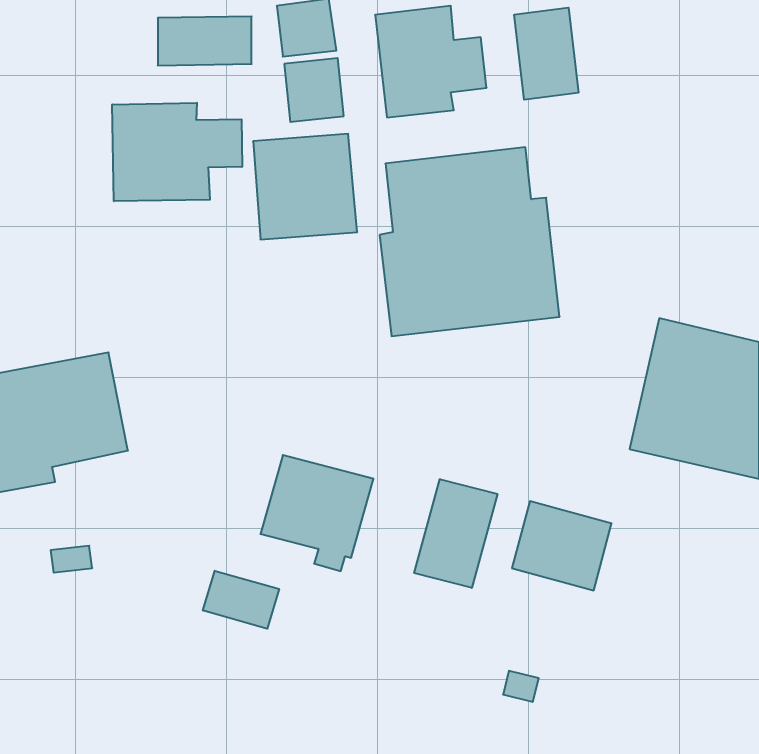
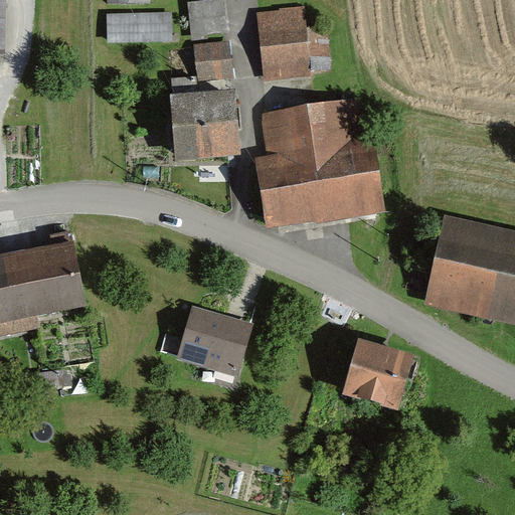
building: [514,8,578,100] -> none
building: [112,103,242,201] -> none
building: [414,479,497,588] -> none
building: [203,571,279,629] -> none

